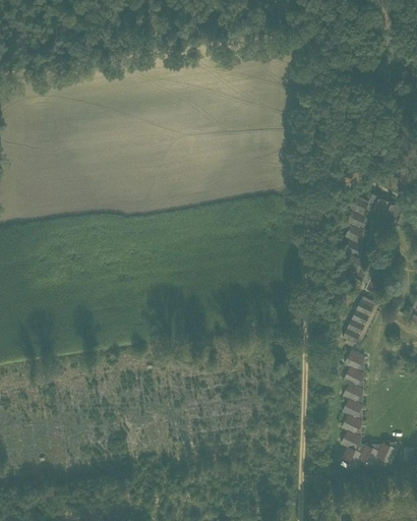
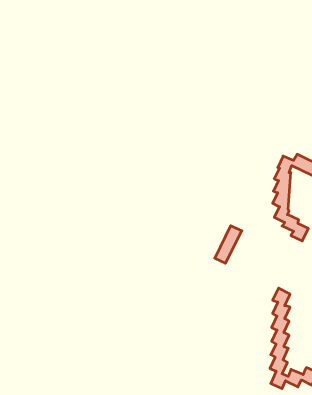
building: [344,298,375,342] -> [215,226,242,263]

